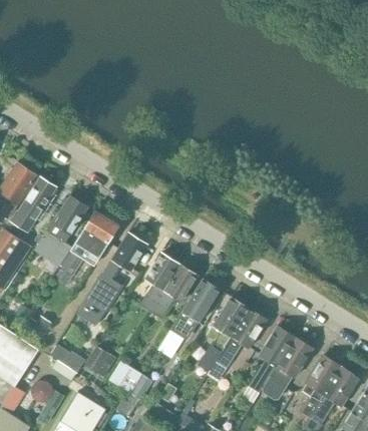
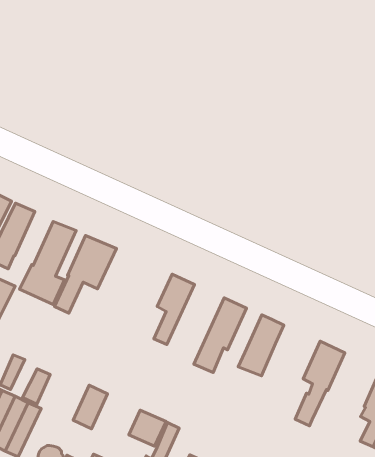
building: [77,233,147,326] -> none
building: [150,265,198,318] -> none
building: [216,308,267,369] -> none
building: [262,337,313,399] -> none
building: [85,347,116,377] -> none

